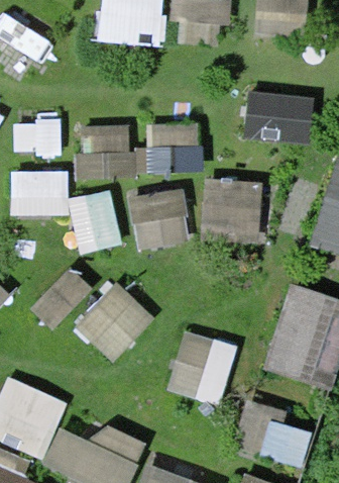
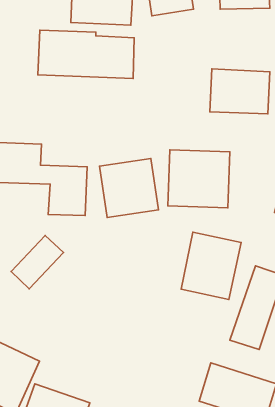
building: [78,127,180,179] -> [38,30,134,79]
building: [75,281,156,365] -> none
building: [171,331,234,403] -> [181,232,241,300]

